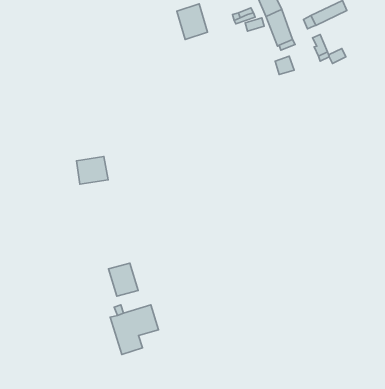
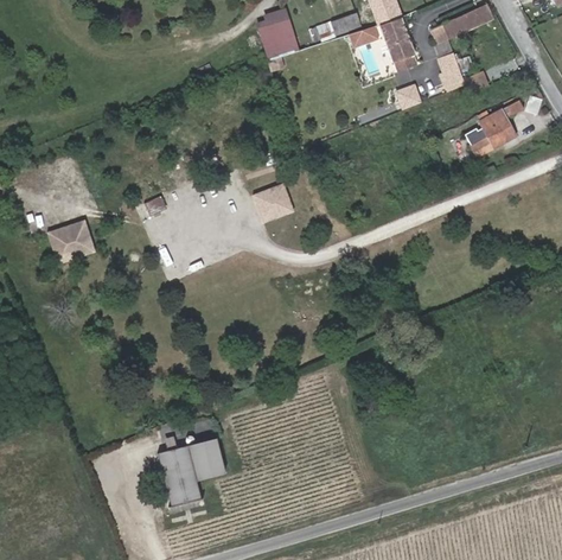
building: none -> [472,104,519,161]
building: none -> [249,179,292,221]
building: [76,157,108,184] -> [46,219,91,259]
building: [108,263,138,296] -> none

